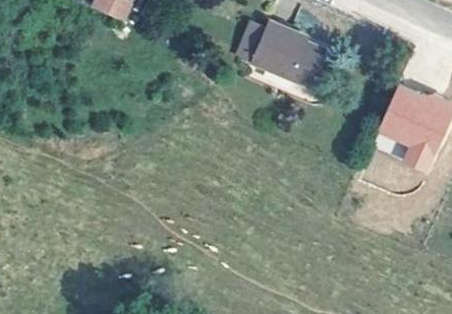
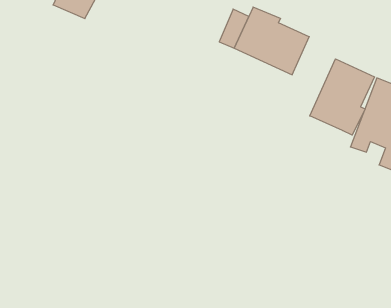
building: none -> [310,59,374,135]

